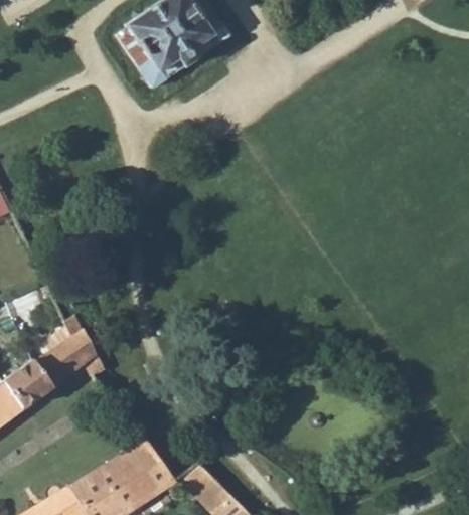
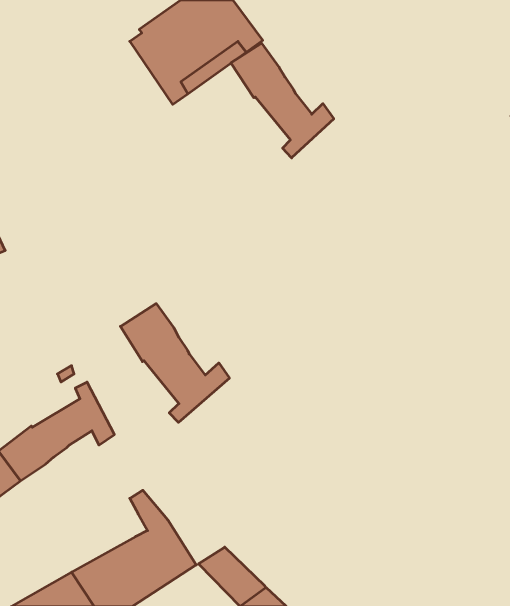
building: none -> [231,43,334,158]
building: none -> [120,304,229,422]

